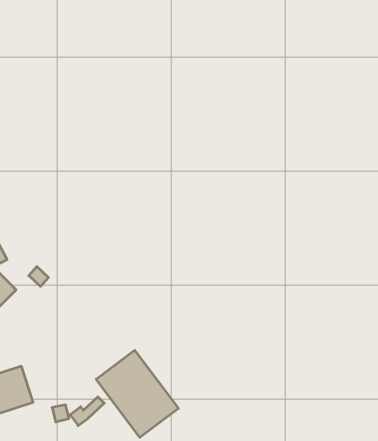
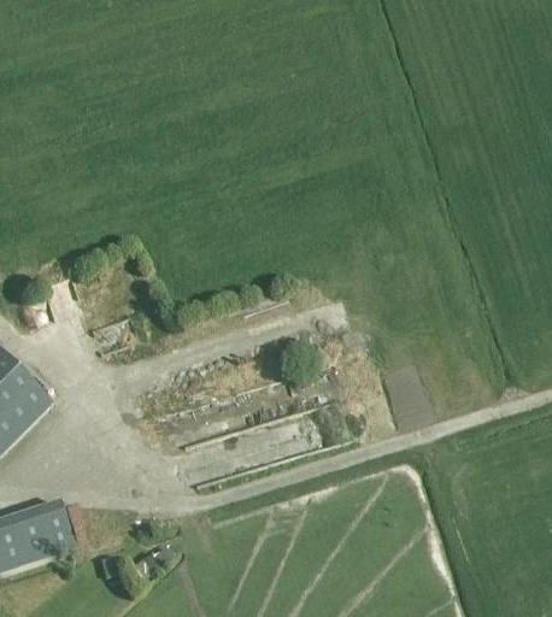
building: [96,350,178,437] -> none

